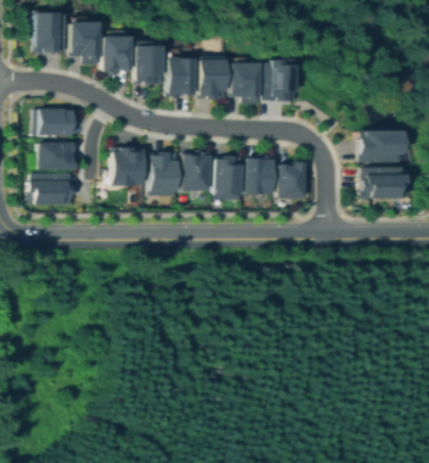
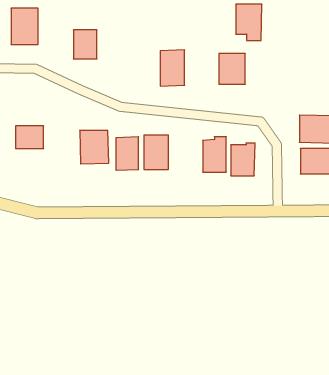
building: [71,21,101,64] -> none
building: [137,44,164,84] -> none
building: [169,58,196,94] -> none
building: [232,63,261,103] -> [236,4,262,40]
building: [37,109,73,134] -> none
building: [215,156,243,198] -> none
building: [34,173,72,205] -> none

